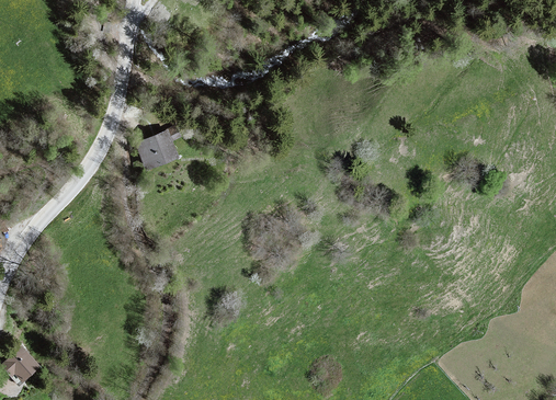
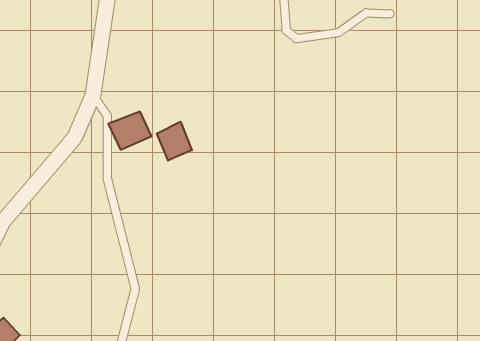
building: none -> [157,122,192,161]

